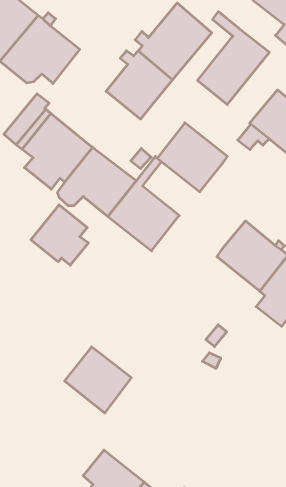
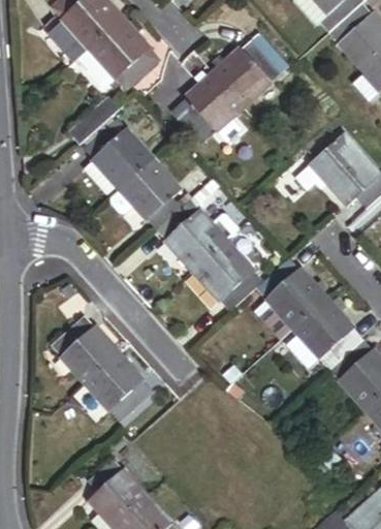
building: [198,12,269,105] -> none
building: [157,123,227,192] -> [194,242,263,312]
building: [31,205,88,265] -> none
building: none -> [53,318,119,384]

